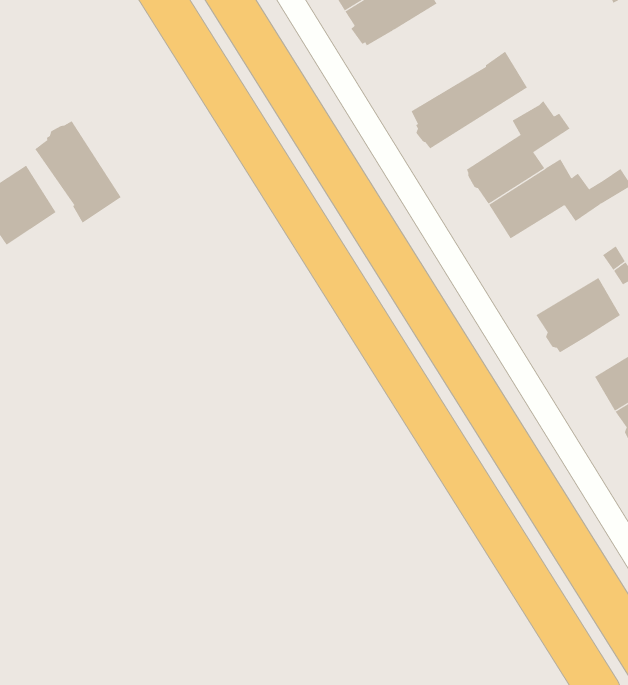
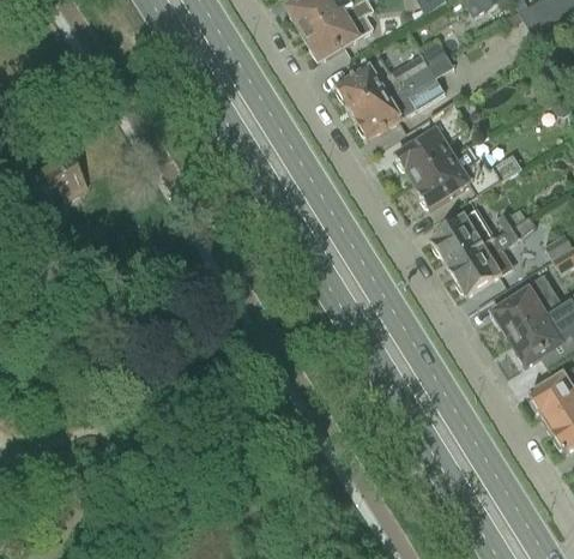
building: none -> [336,36,446,109]
building: [34,121,122,224] -> none
building: none -> [430,206,496,264]

